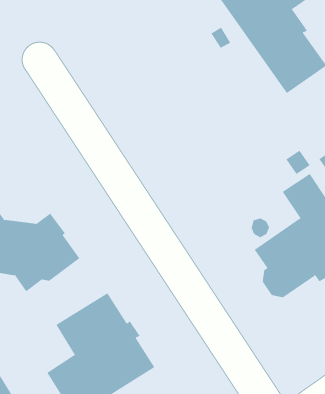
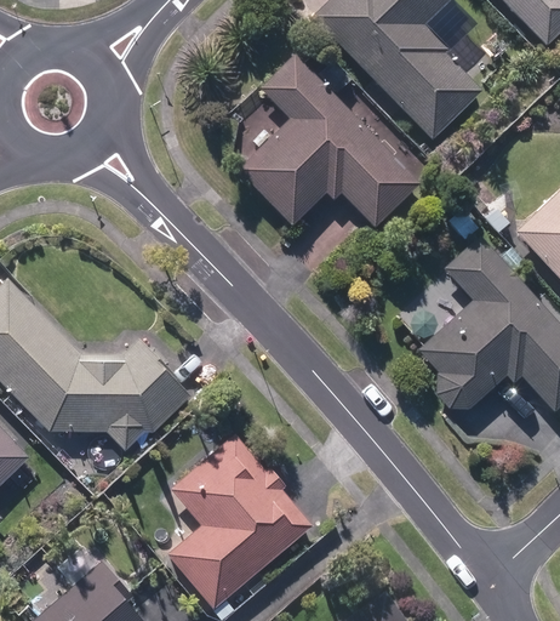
building: none -> [240,55,418,224]

